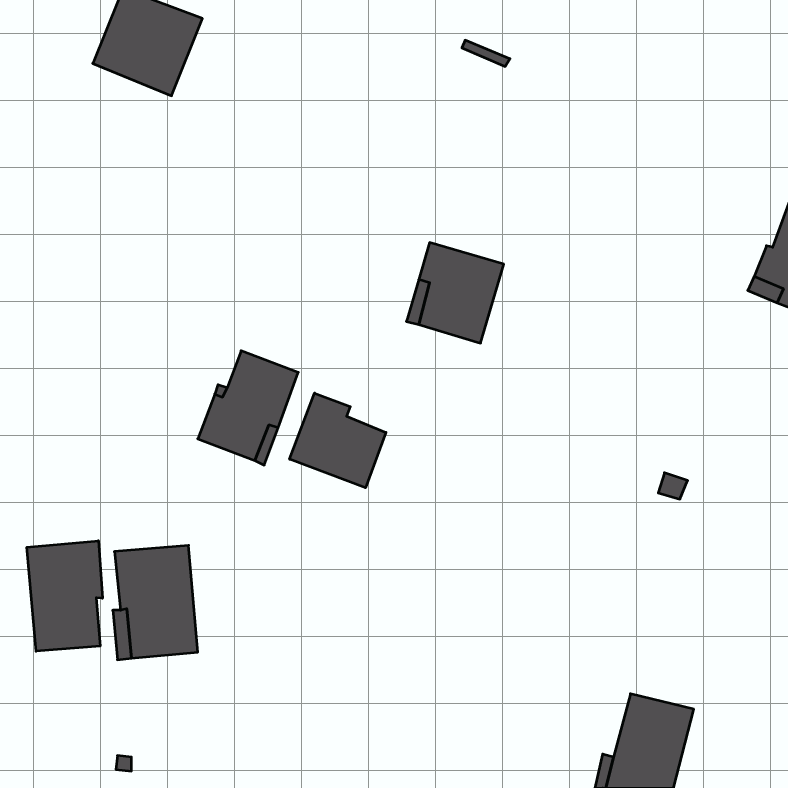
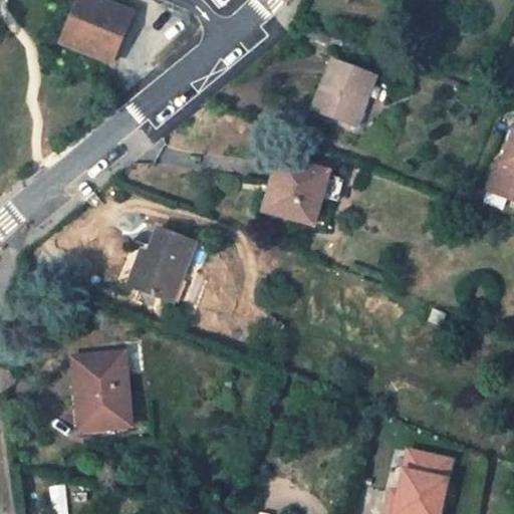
building: none -> [313,58,375,123]
building: [290,393,386,488] -> none
building: [27,541,102,651] -> none

